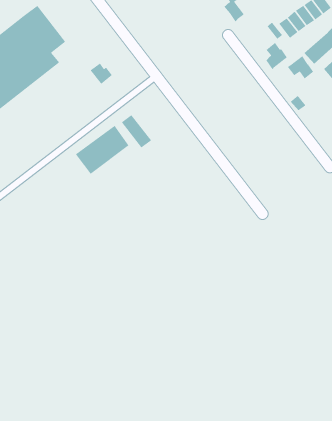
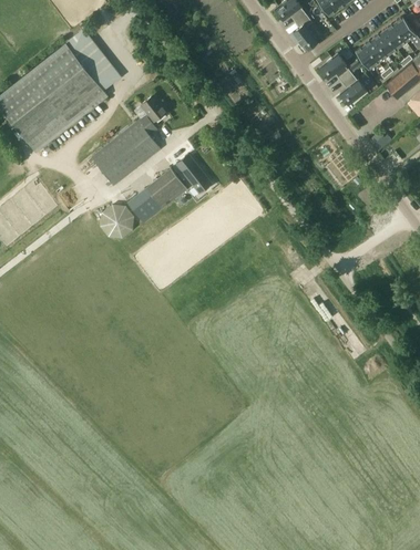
building: [287,55,314,80] -> [320,53,351,81]
building: none -> [91,113,161,185]
building: none -> [99,204,134,237]

